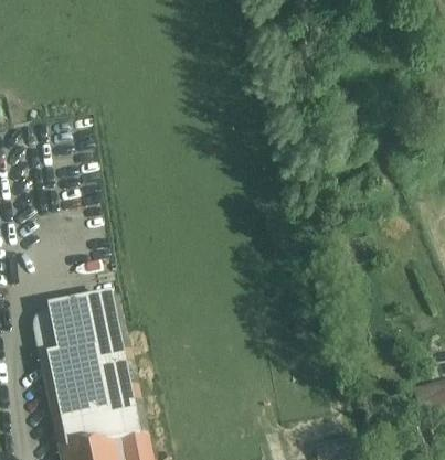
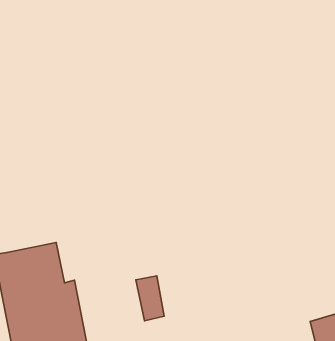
building: none -> [136,276,164,321]

